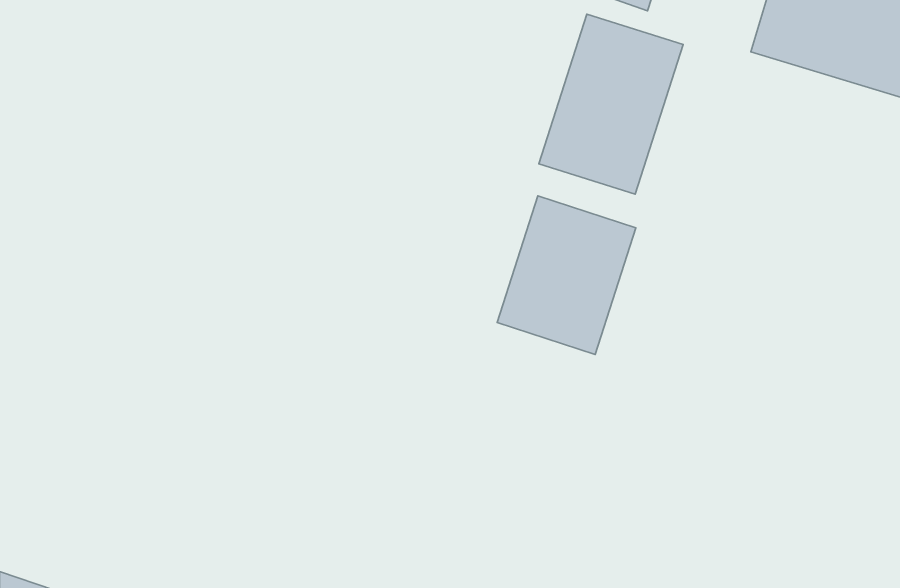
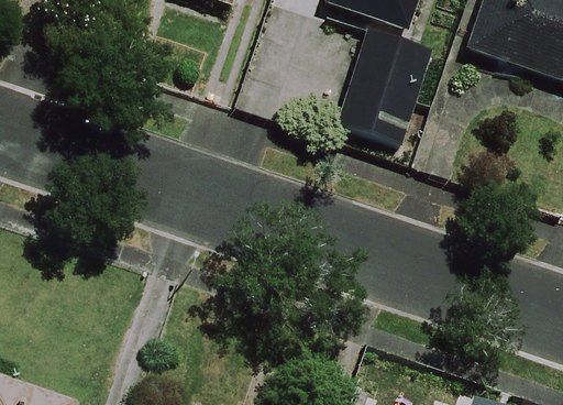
building: [497,196,636,354] -> none

